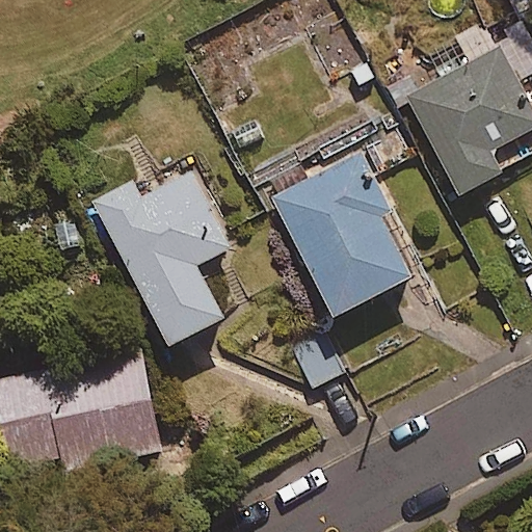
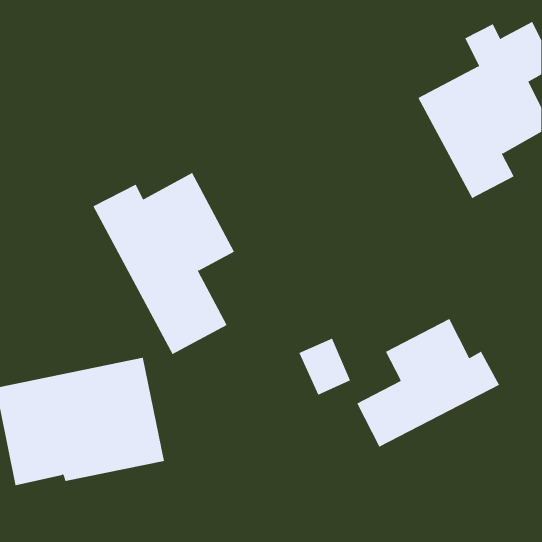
building: [271,152,410,317] -> none
building: none -> [356,318,500,447]

